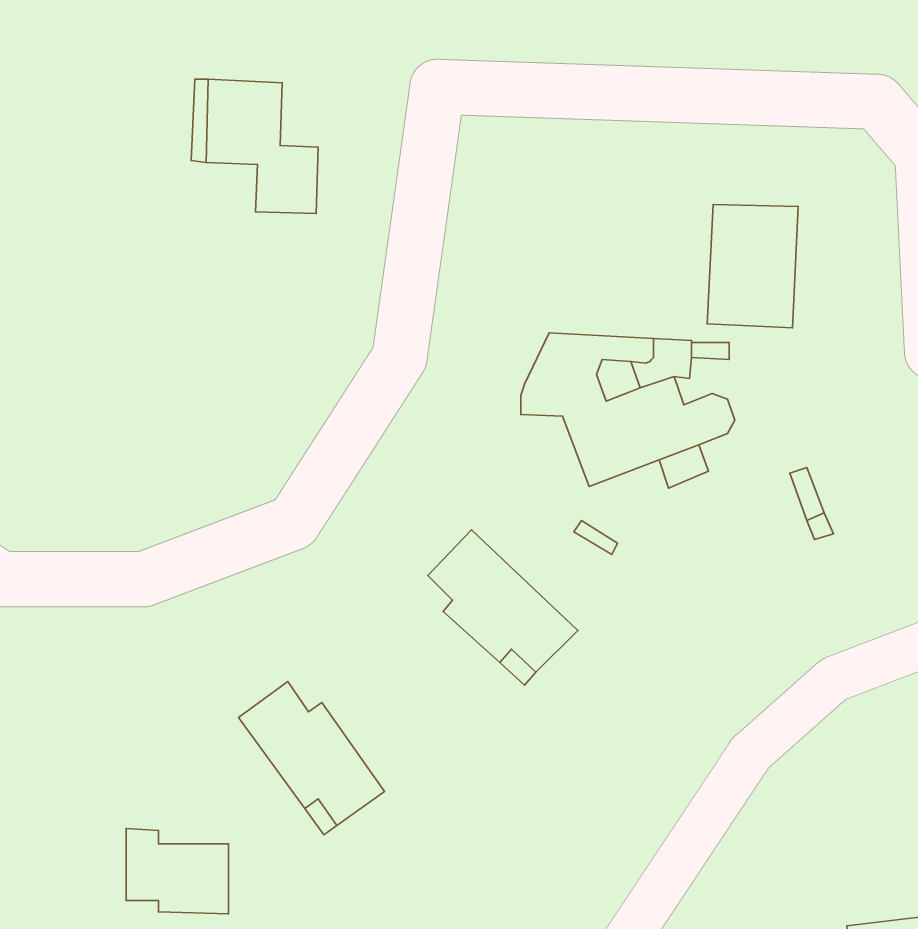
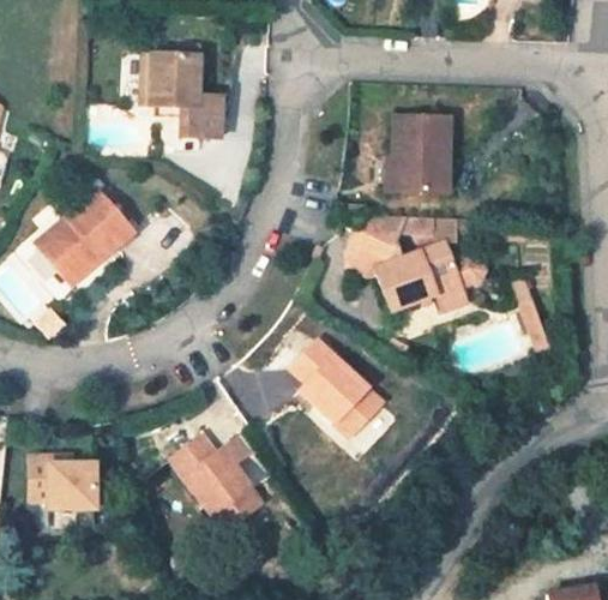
building: [707,205,798,328] -> [392,115,450,193]
building: none -> [36,191,132,281]
building: [126,829,229,914] -> [29,455,94,509]

